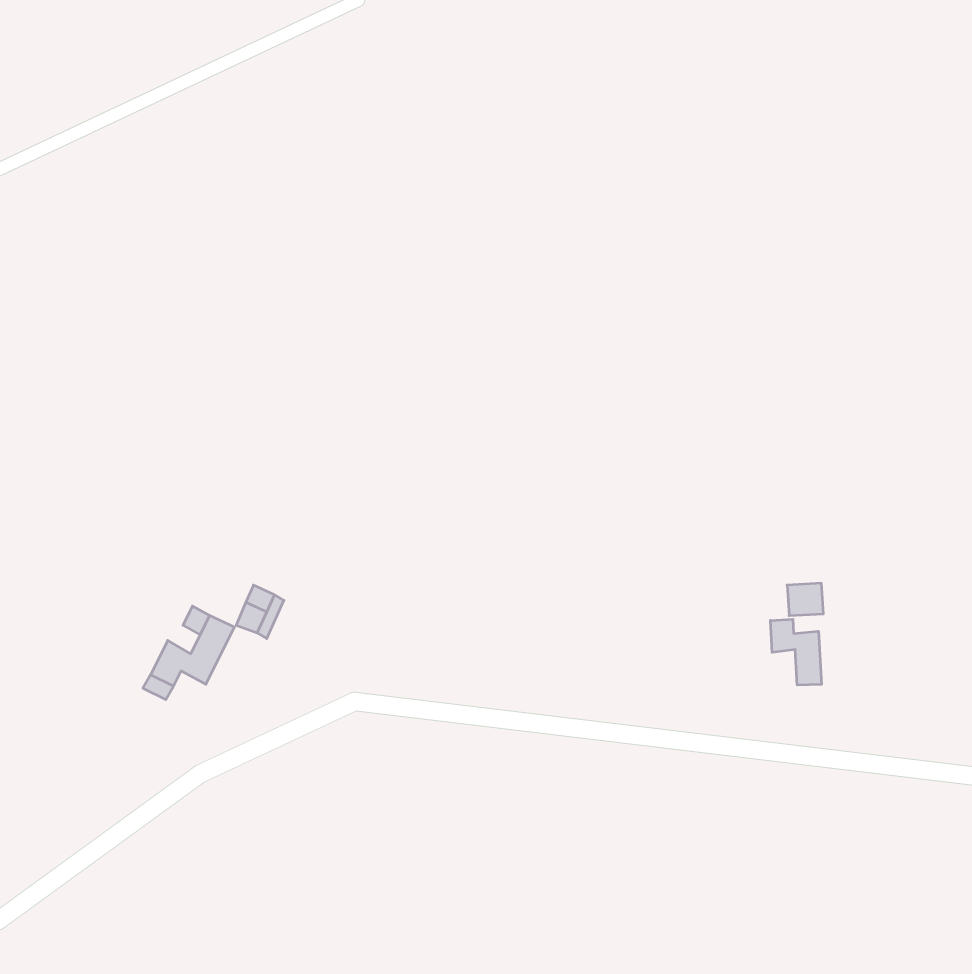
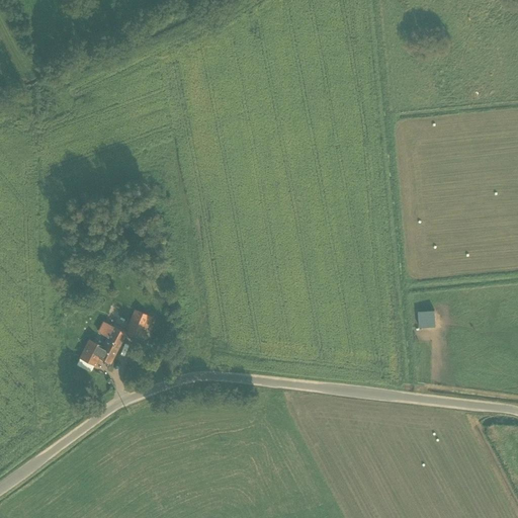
building: [770,619,821,685] -> none

